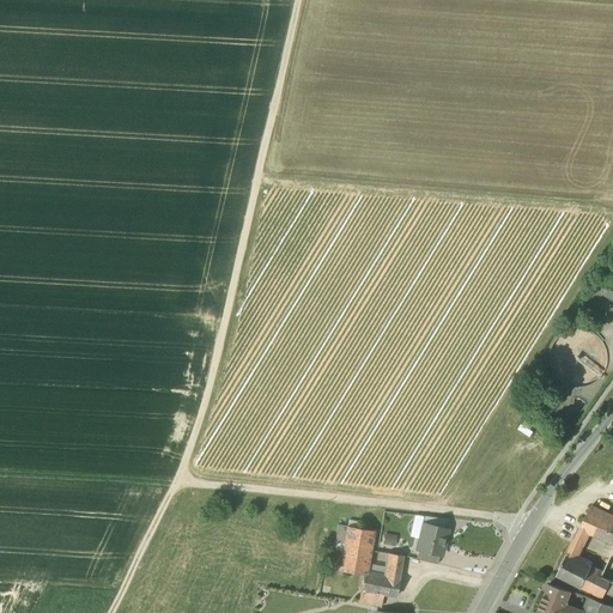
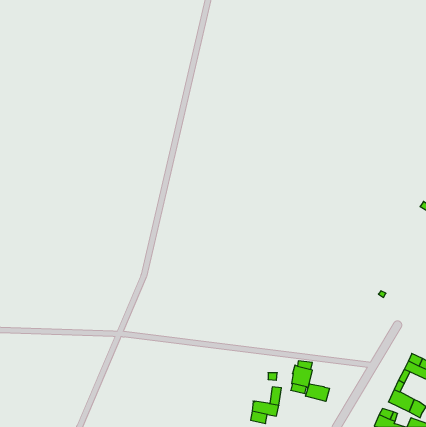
building: [340,527,374,576] -> none
building: none -> [306,384,329,401]

